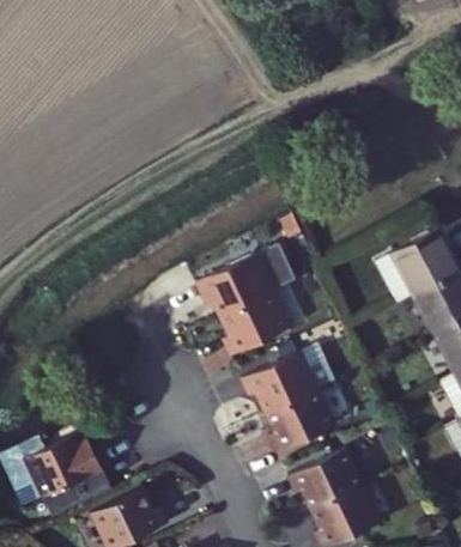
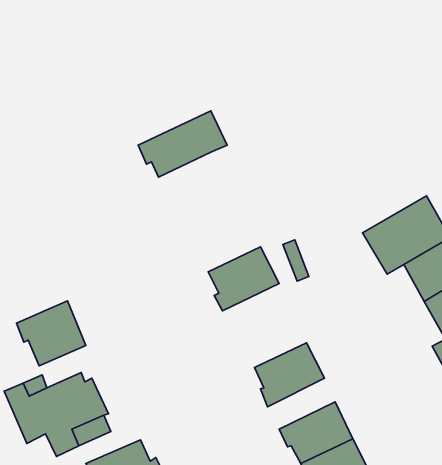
building: [199,250,289,317] -> [138,111,227,177]
building: [245,341,335,414] -> none
building: none -> [16,301,86,366]

